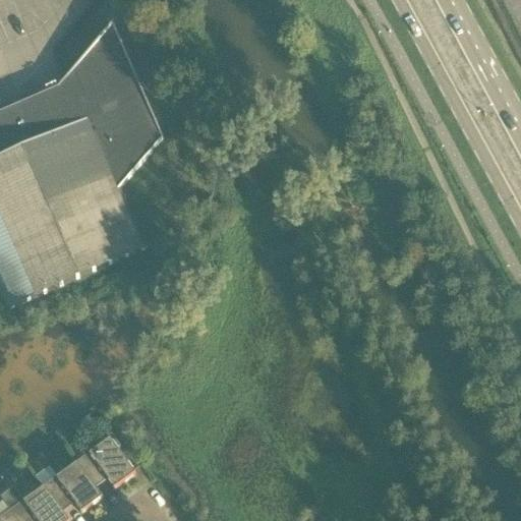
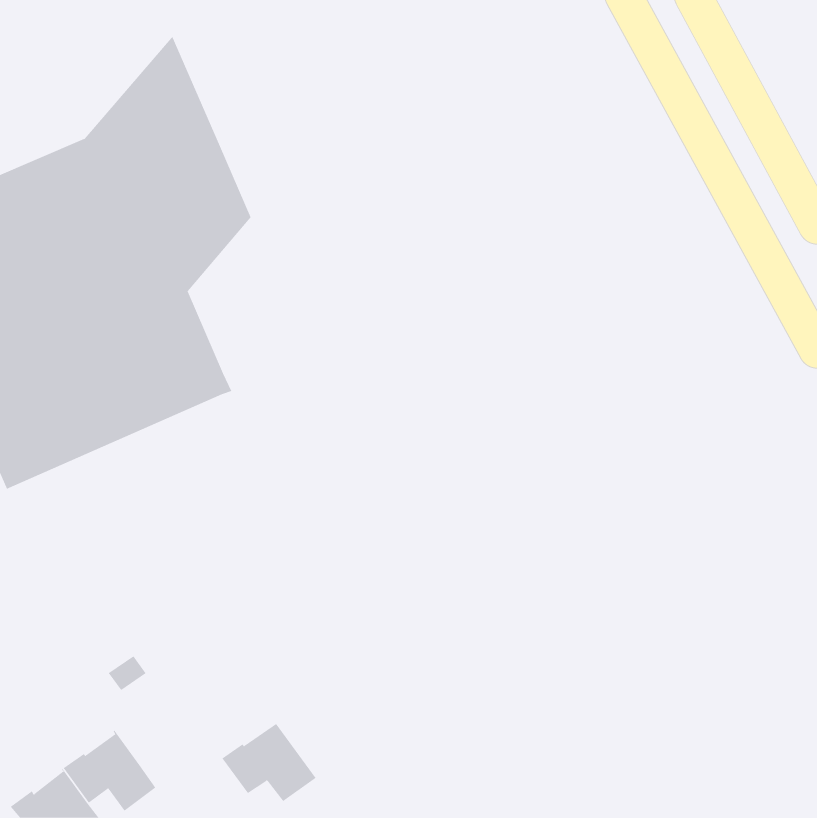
building: [72,439,132,488] -> [222,723,317,802]

